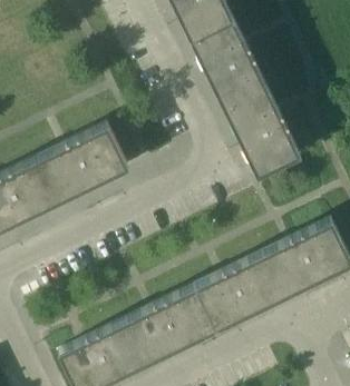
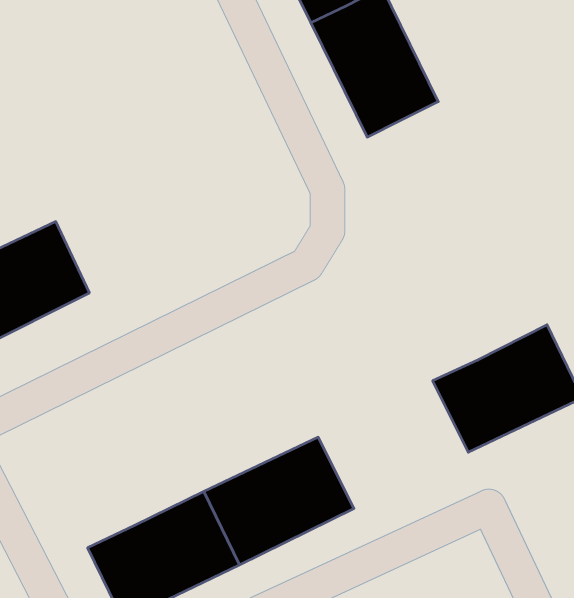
building: [224,88,300,177] -> none
building: [39,126,128,201] -> none
building: [195,254,284,329] -> none

